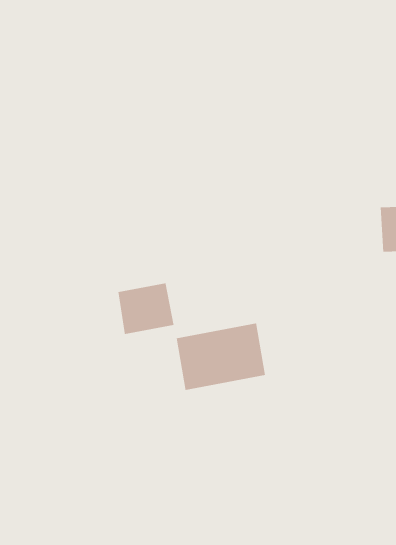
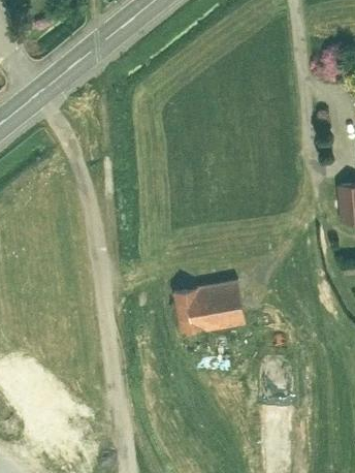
building: [118,282,174,335] -> none

